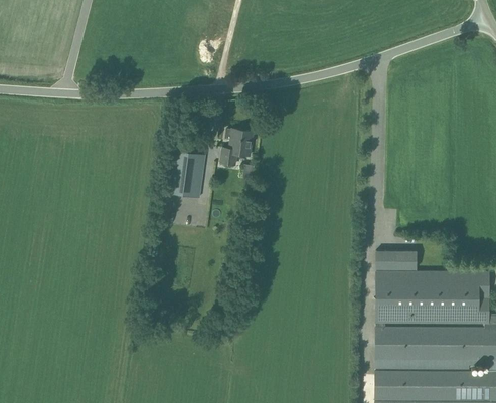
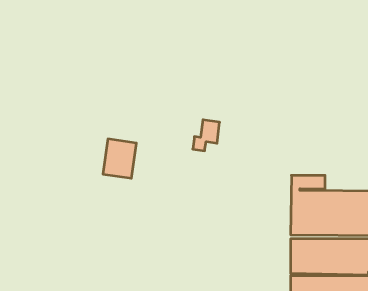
building: [221,128,254,165] -> [193,120,220,151]
building: [166,150,206,197] -> [103,139,136,178]

